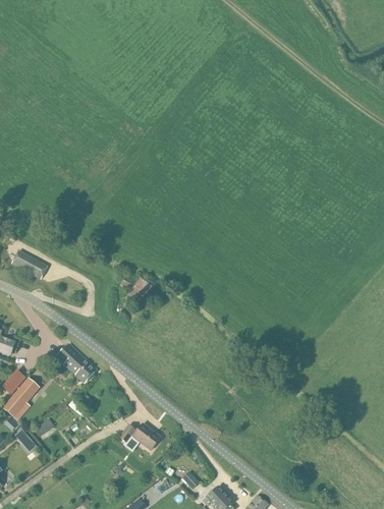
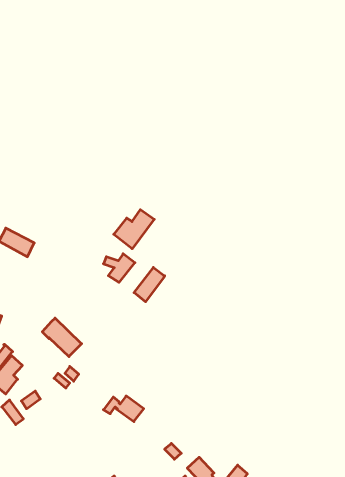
building: none -> [114,210,154,249]
building: none -> [134,267,165,302]

